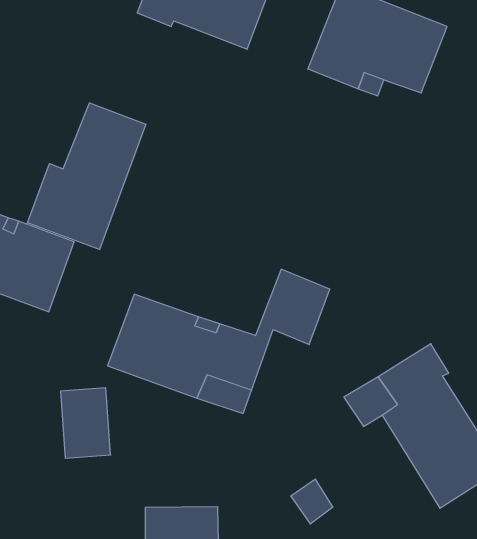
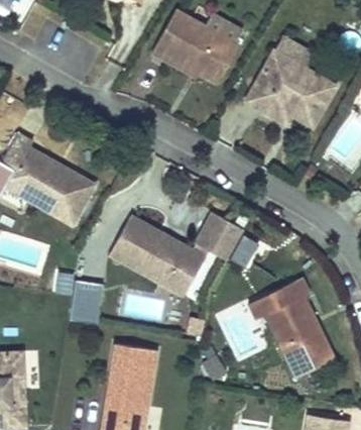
building: [27,103,146,250] -> none

